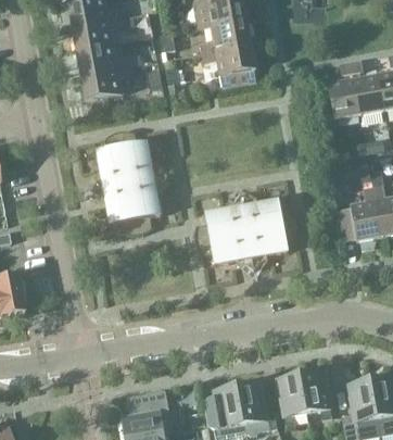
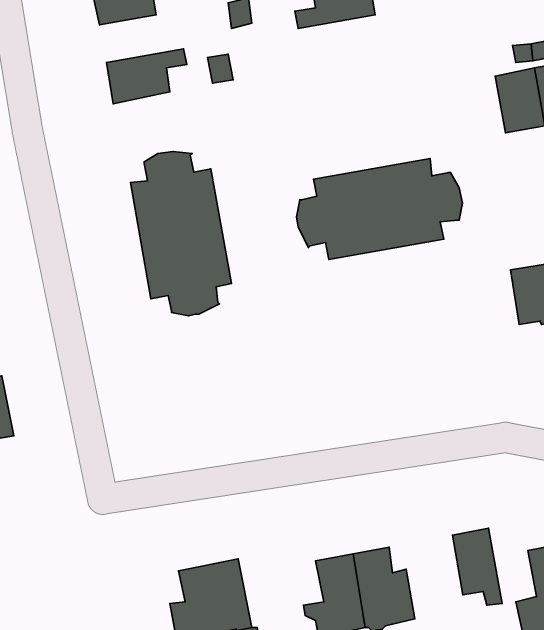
building: [77,43,143,74] -> none
building: [203,43,257,88] -> none
building: [194,199,300,263] -> [296,159,463,260]
building: [278,374,307,425] -> none

